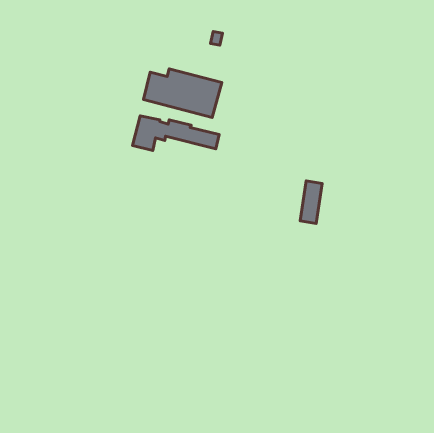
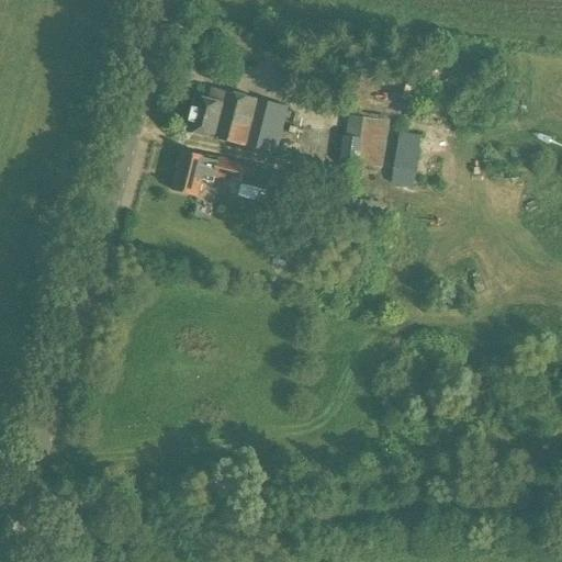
building: none -> [339,114,389,167]
building: [300,181,322,223] -> [392,134,420,189]

